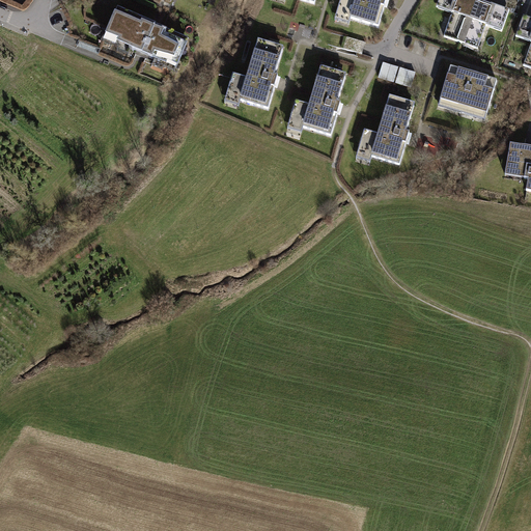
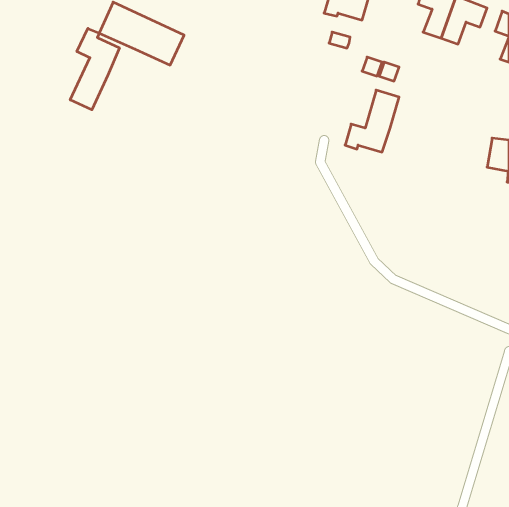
building: none -> [70,28,119,110]
building: [226,38,282,103] -> none
building: [440,63,497,110] -> none
building: [291,65,347,130] -> none

